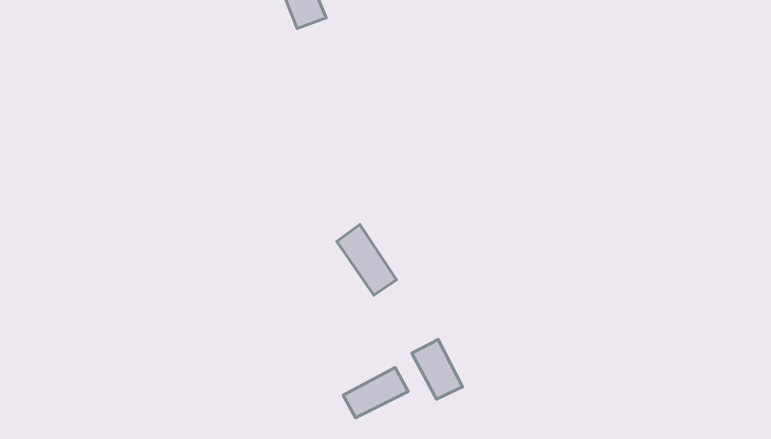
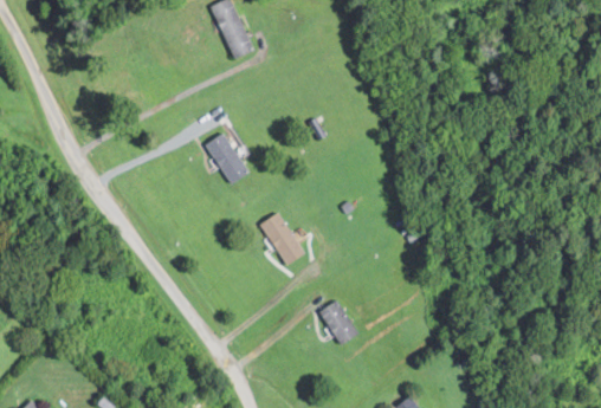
building: none -> [205,131,251,186]
building: [343,368,408,418] -> none

